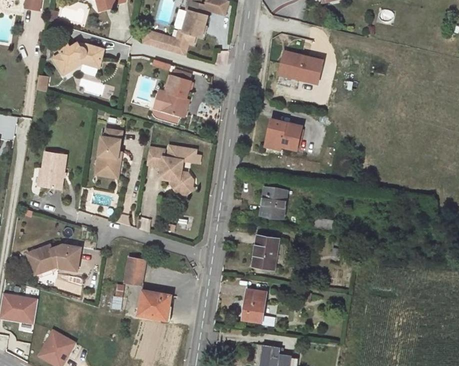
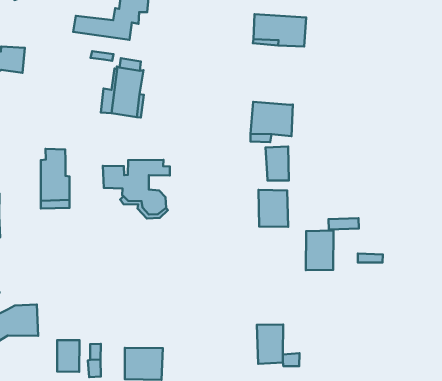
building: none -> [266,147,289,181]
building: [252,235,278,268] -> [306,231,333,270]
building: [124,257,145,284] -> [57,340,79,372]

